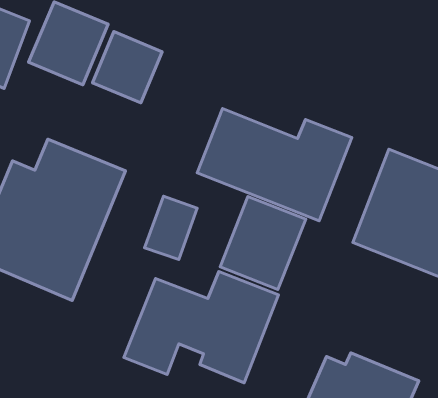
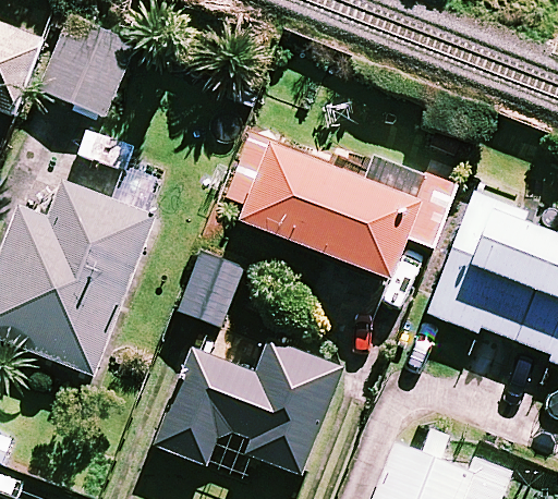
building: [92,32,162,103] -> none
building: [220,197,306,290] -> none

